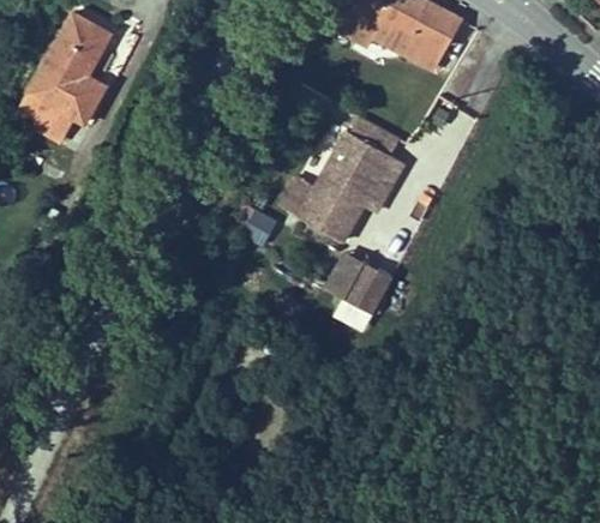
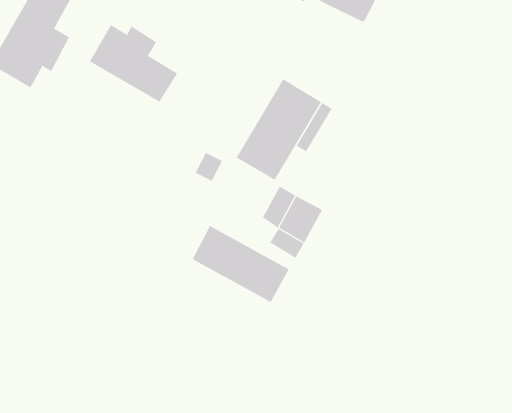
building: none -> [89,24,178,102]
building: none -> [192,225,290,303]

